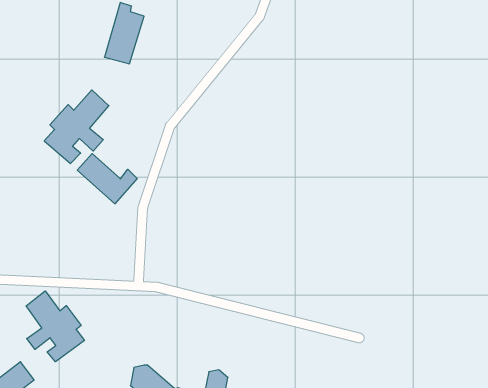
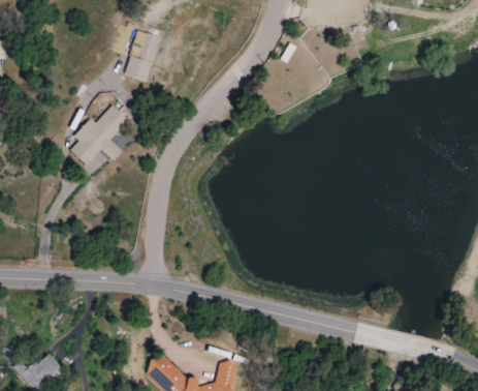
building: [77,154,137,204] -> none
building: [26,291,84,362] -> none

